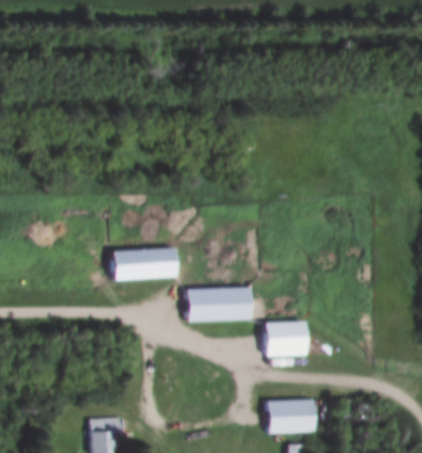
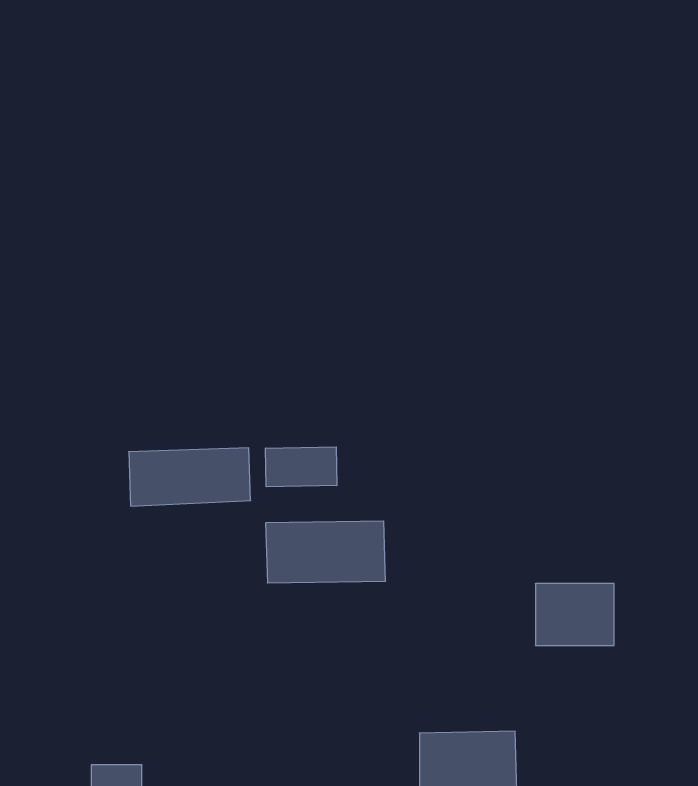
building: none -> [266,447,337,487]
building: [264,322,306,356] -> [535,584,614,645]

